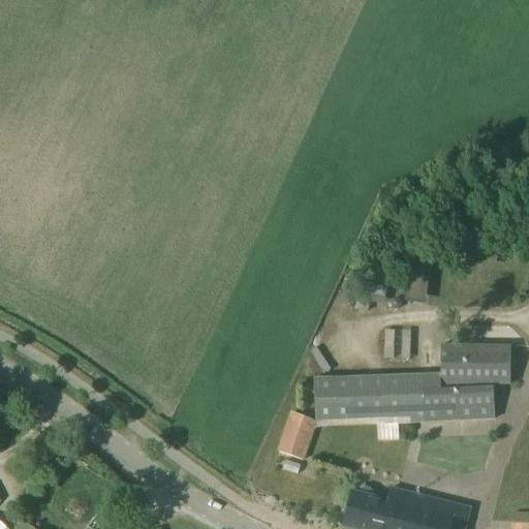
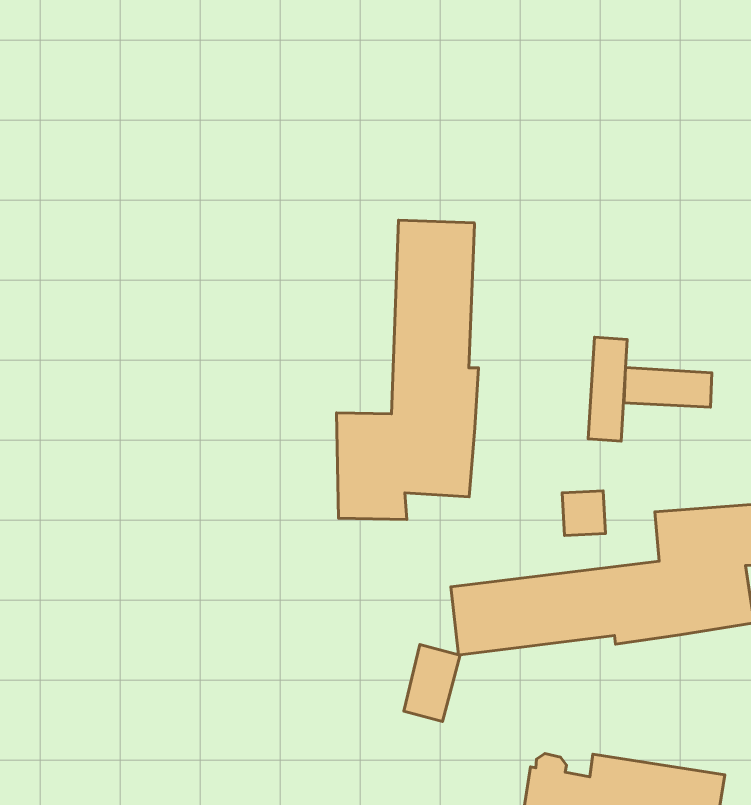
building: none -> [336,220,478,519]
building: none -> [623,367,712,407]

